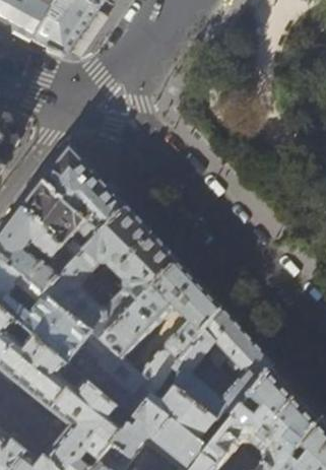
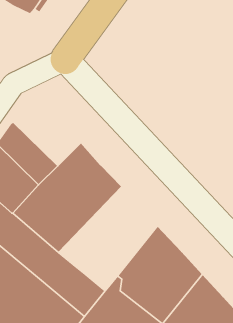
building: [43,148,126,237] -> none
building: [99,262,219,389] -> none

